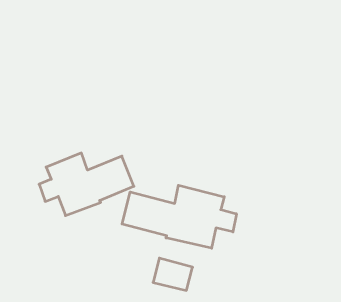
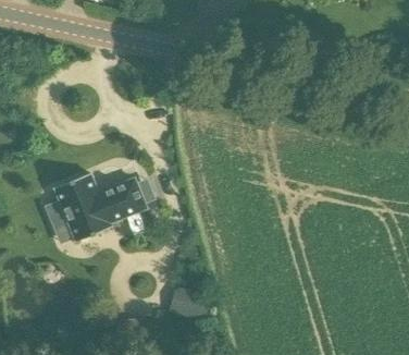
building: [122,185,236,248] -> none

